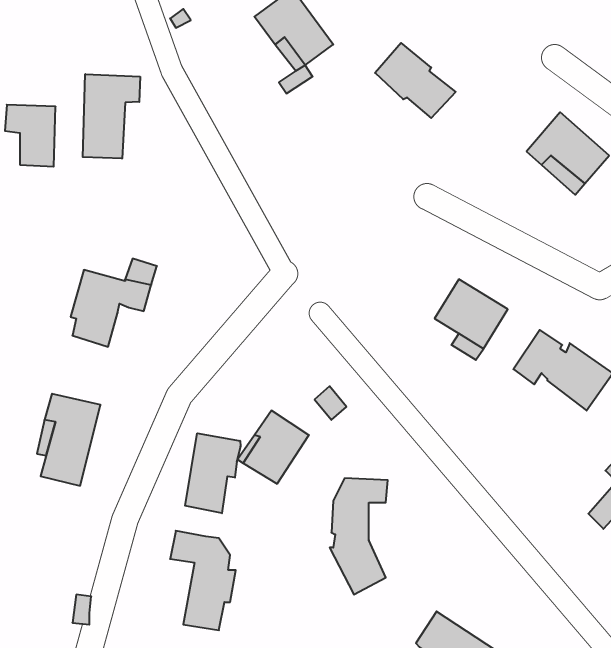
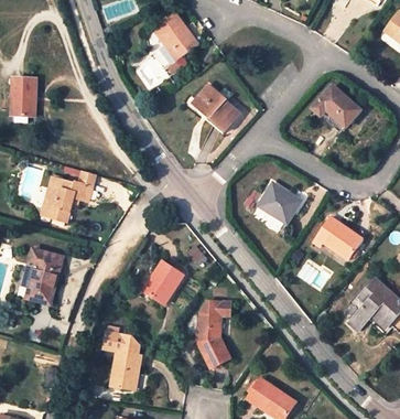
building: [375,43,456,118] -> [193,84,240,128]
building: [83,74,140,159] -> none
building: [185,433,240,513] -> none

